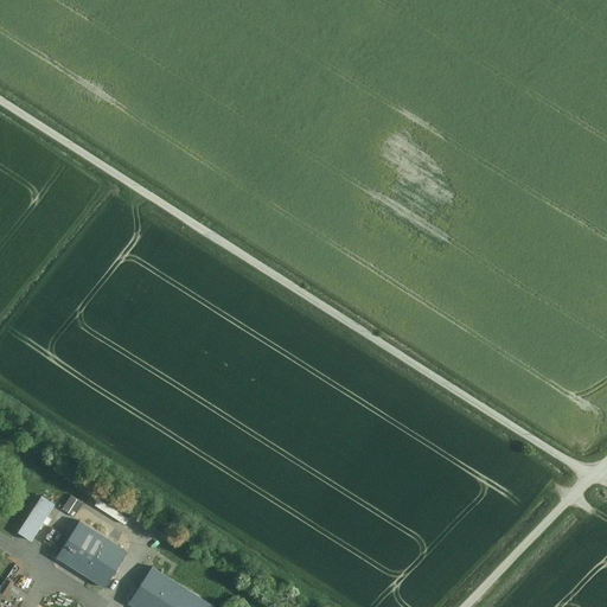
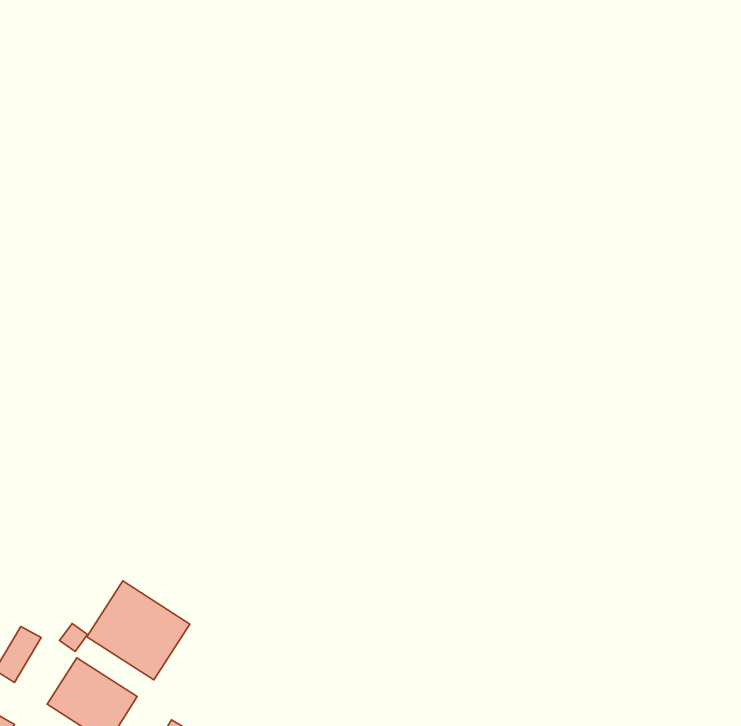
building: none -> [87,581,190,680]

